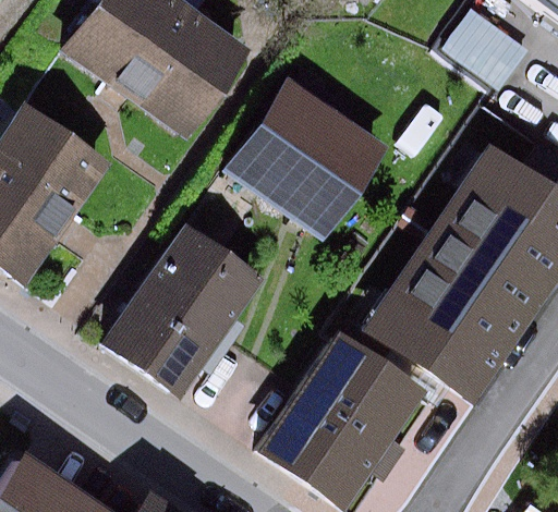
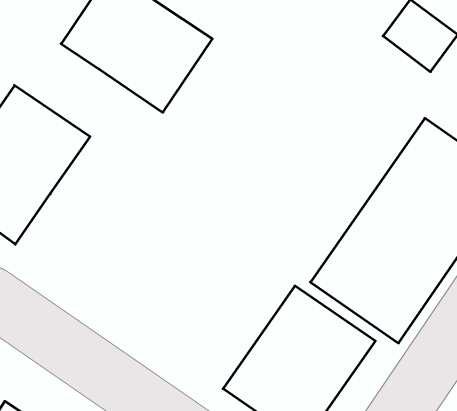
building: [229,78,391,235] -> none
building: [108,225,270,399] -> none

